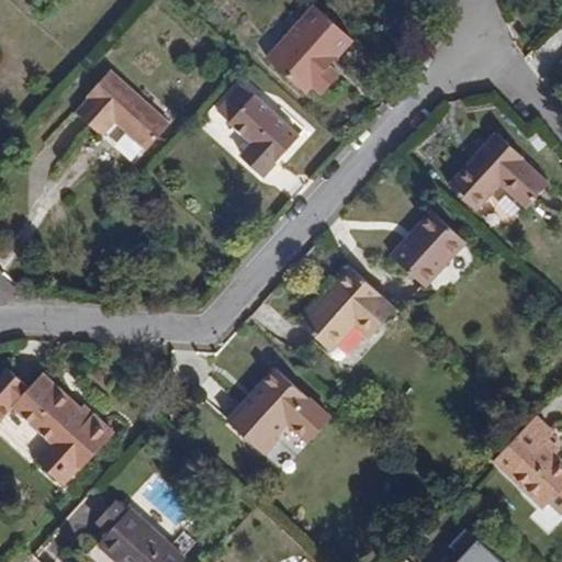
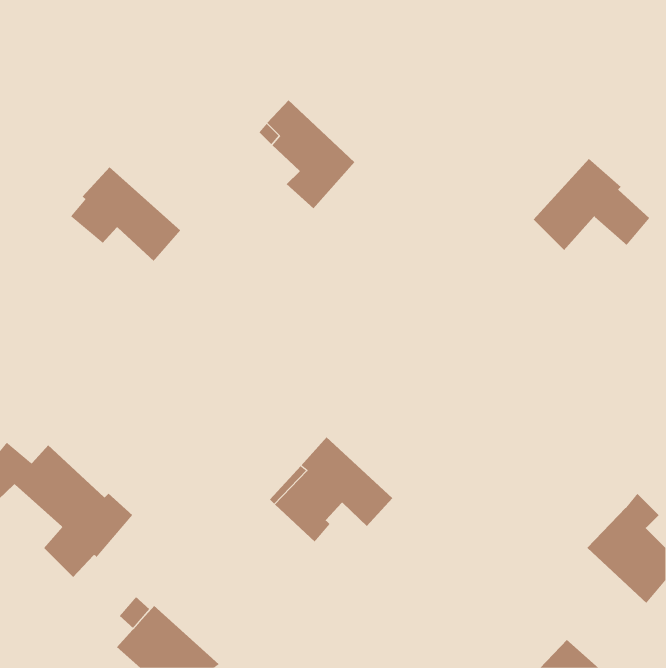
building: [268,7,353,94] -> none
building: [75,70,168,150] -> [70,166,181,262]
building: [390,210,465,286] -> none
building: [301,268,396,349] -> none

